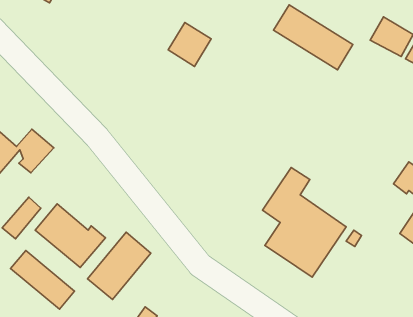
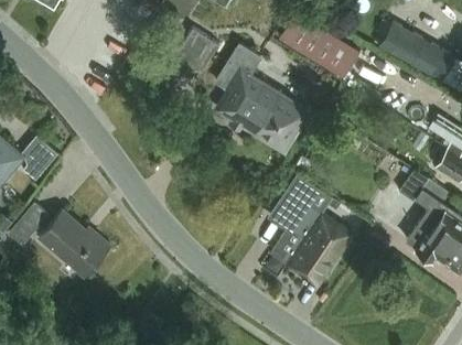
building: none -> [216,45,308,150]
building: [87,232,151,300] -> none
building: [11,250,75,309] -> none

